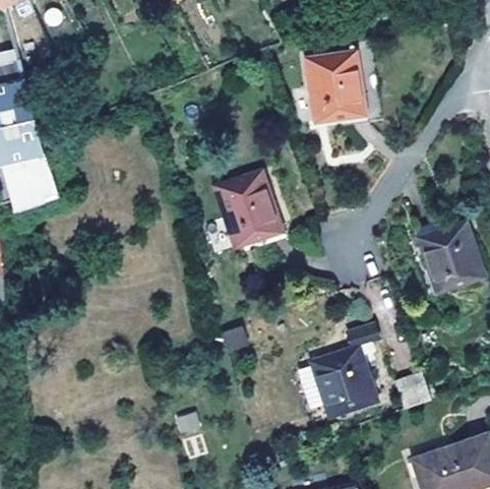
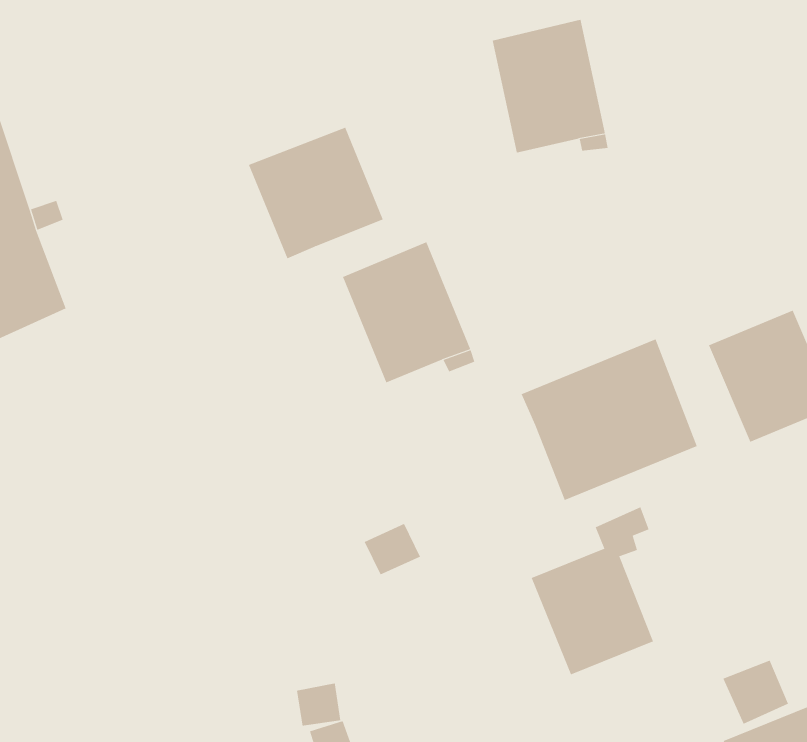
building: none -> [248,127,384,259]
building: none -> [521,338,698,501]
building: [394,372,431,408] -> [722,660,789,725]

